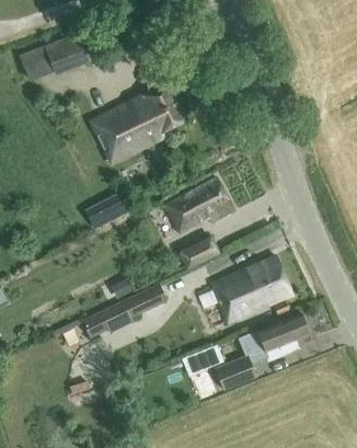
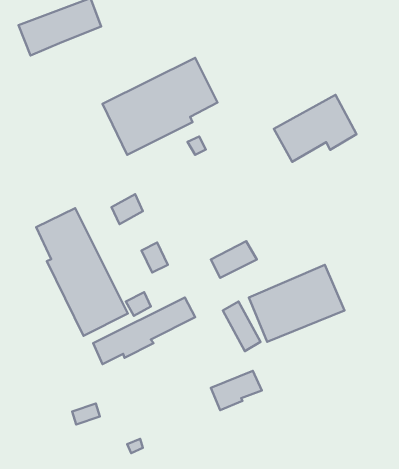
building: [164,177,233,233] -> [274,95,356,162]
building: none -> [36,208,128,336]
building: [215,313,310,390] -> none

